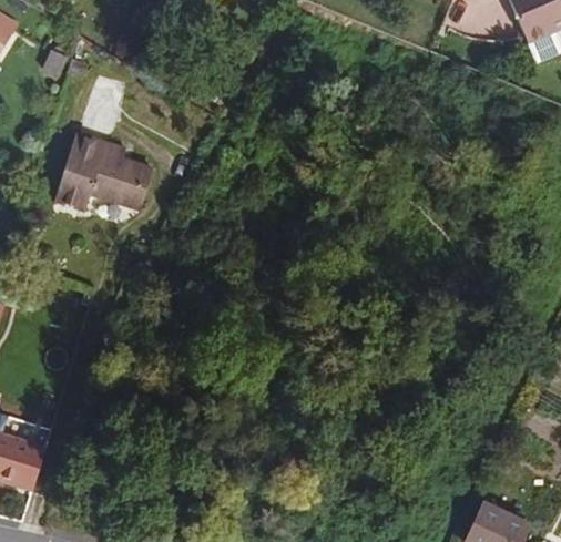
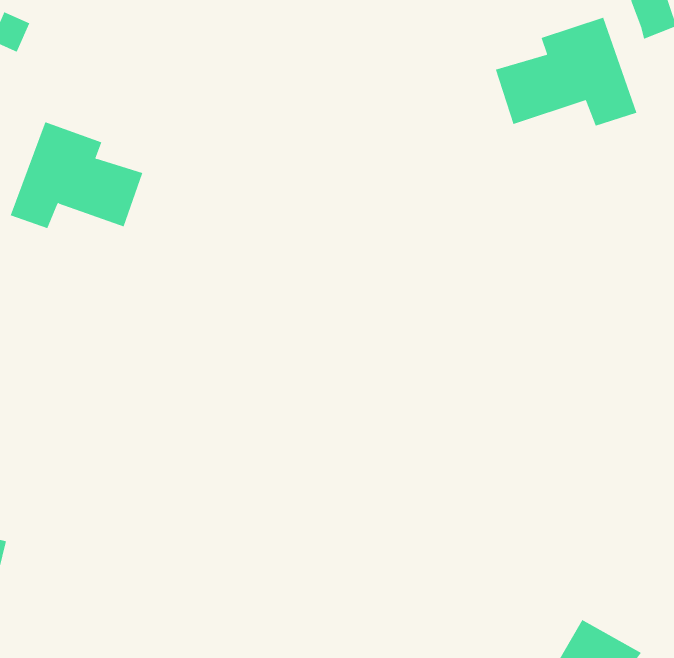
building: none -> [495,17,637,126]

